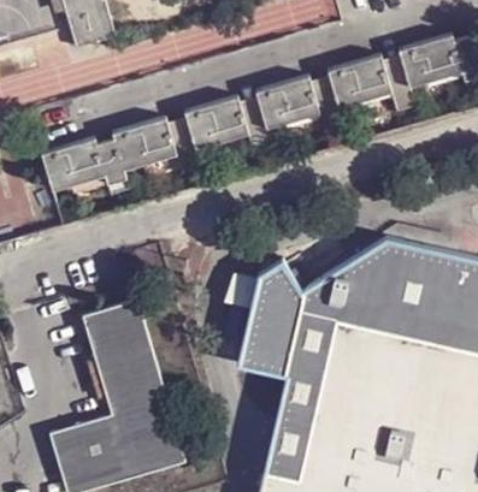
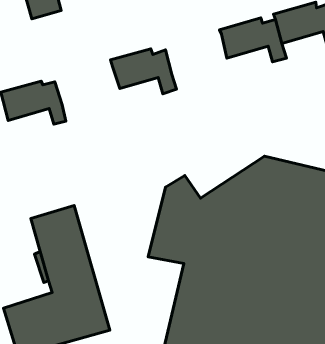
building: [256,75,347,132] -> none
building: [112,114,203,173] -> none

